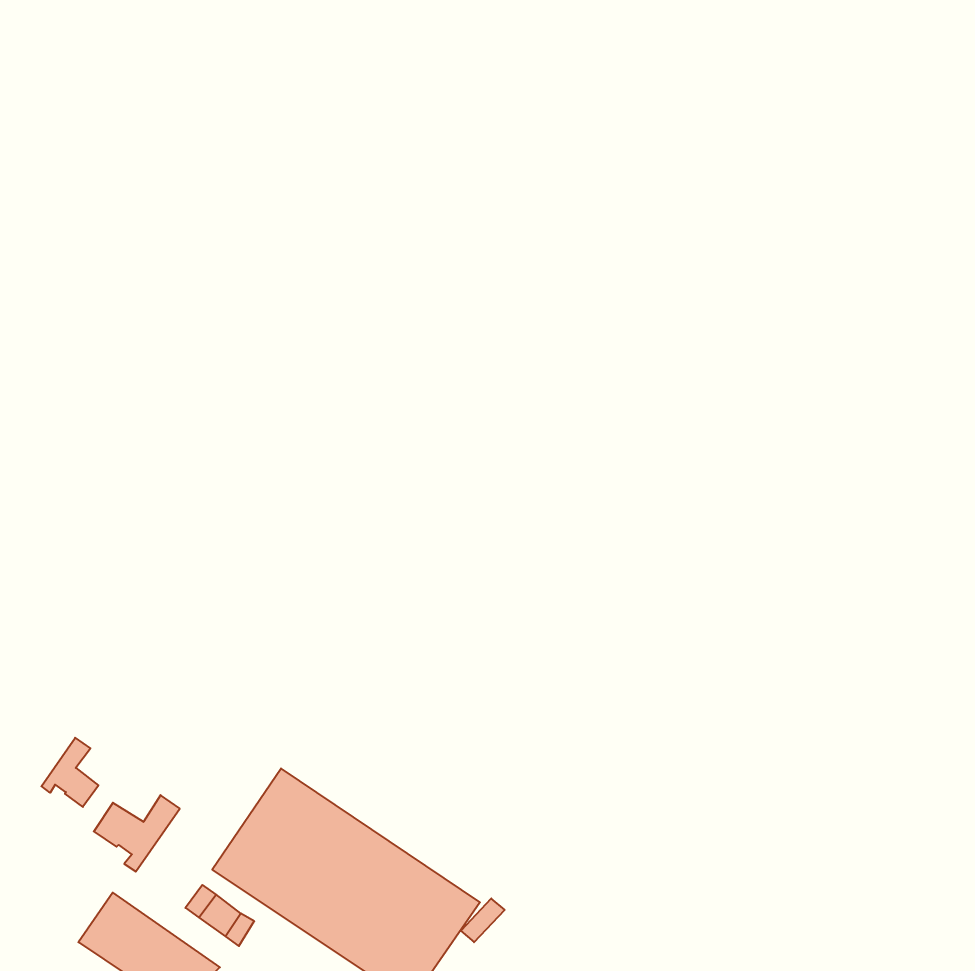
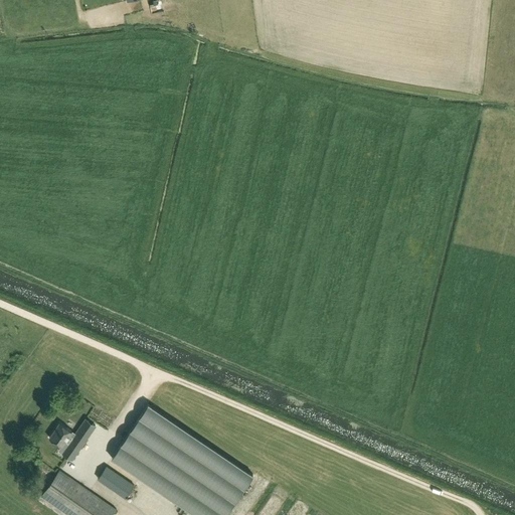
building: [41,738,98,807] -> none

